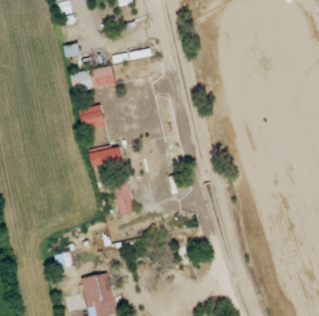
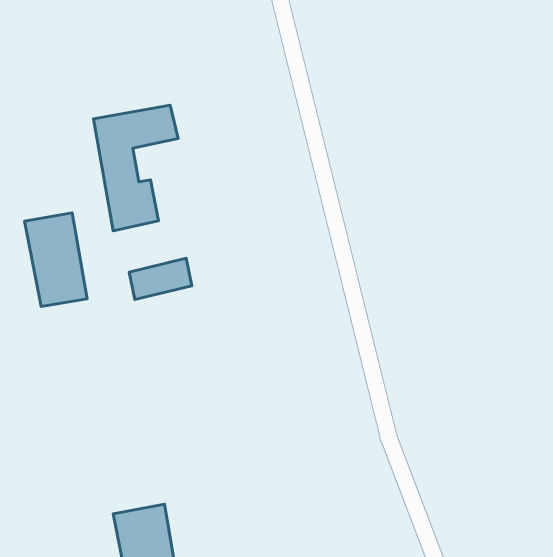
building: none -> [25,213,87,307]
building: [114,178,132,215] -> none

